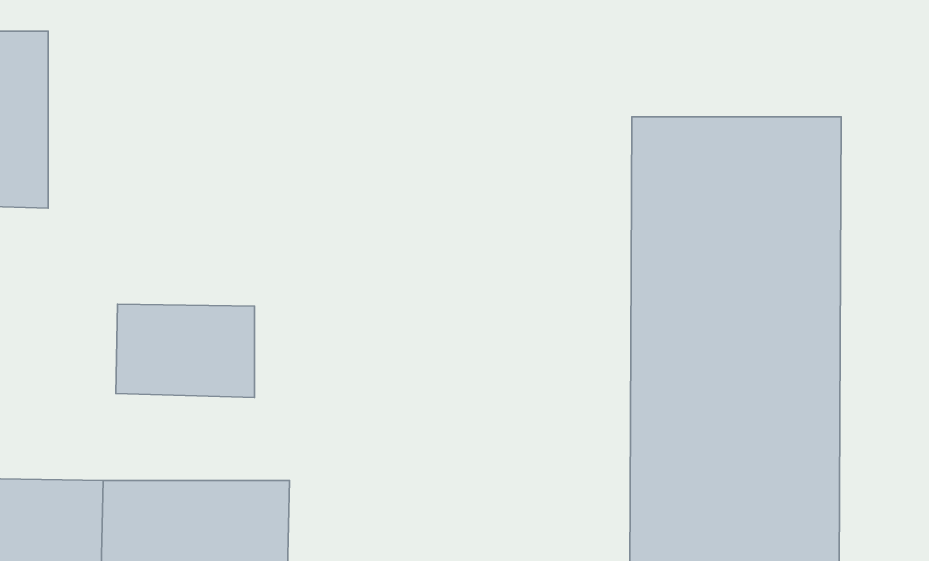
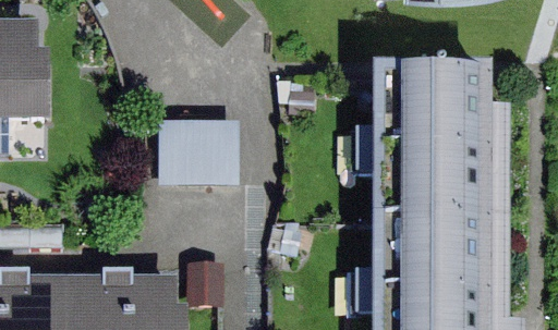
building: [116,304,255,397] -> [167,130,246,183]

